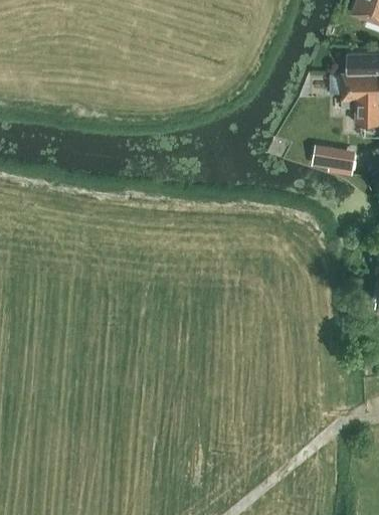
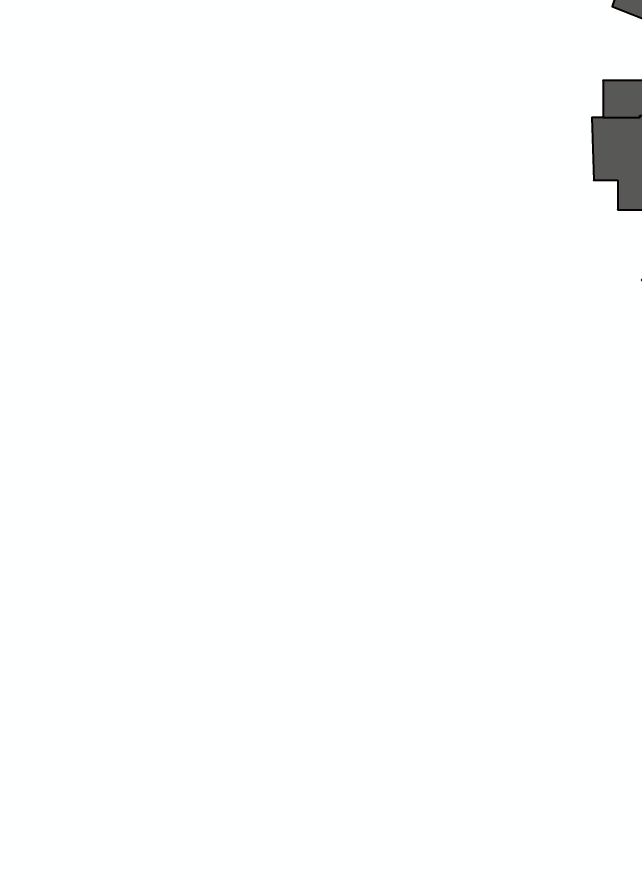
building: [313,150,354,173] -> none

